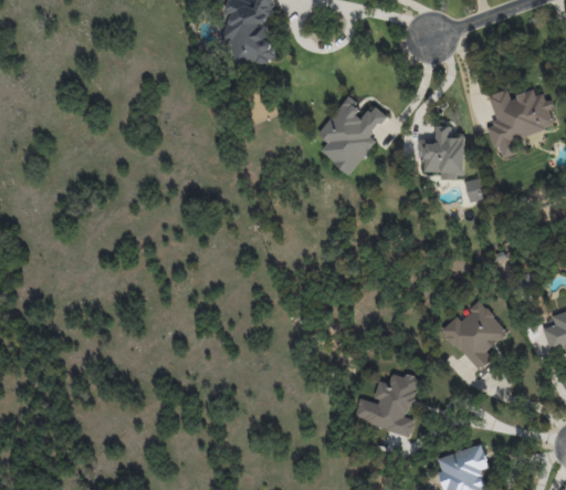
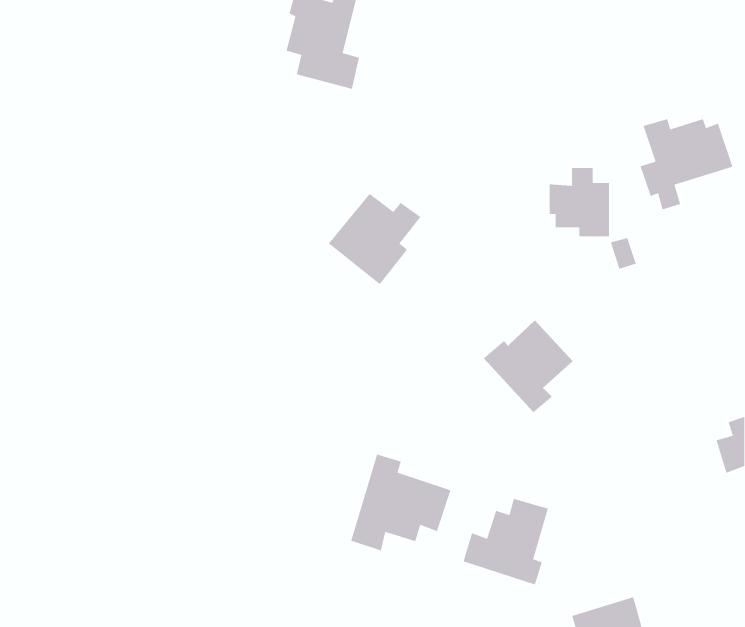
building: [317,97,387,166] -> [328,193,421,285]
building: [441,301,509,371] -> [483,319,574,413]
building: none -> [350,453,452,552]

